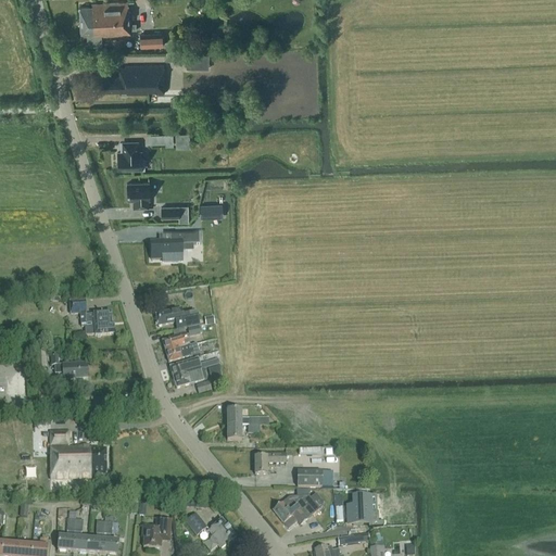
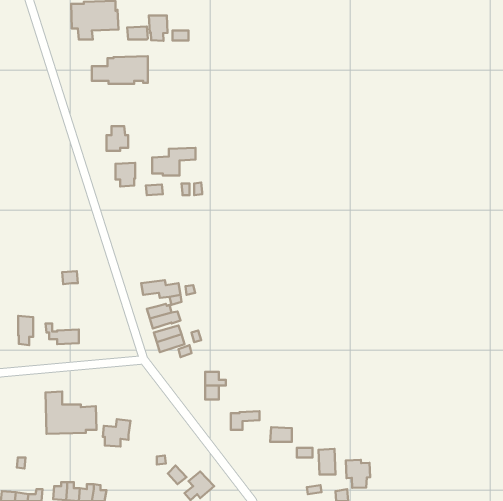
building: none -> [149,15,168,41]
building: [152,229,200,260] -> [152,148,195,175]
building: [81,309,115,336] -> none
building: none -> [18,316,33,345]
building: [274,494,320,528] -> none
building: none -> [346,460,370,488]
building: [142,517,173,547] -> [103,419,131,447]

